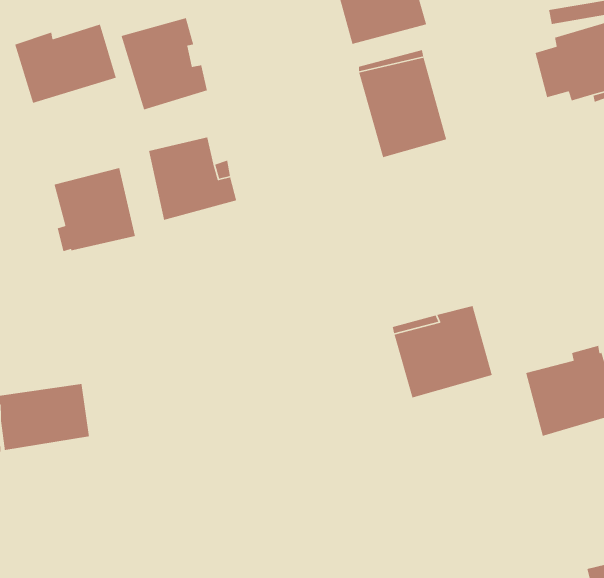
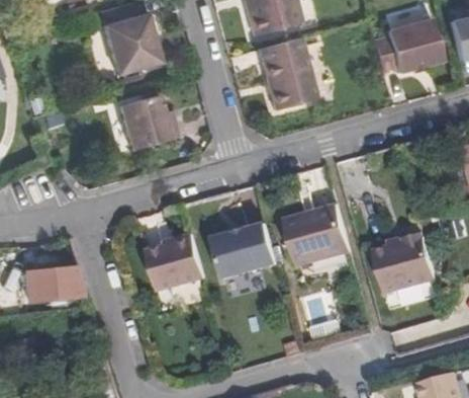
building: [14,23,117,104] -> none
building: [53,167,136,252] -> none
building: none -> [211,226,277,281]
building: none -> [146,235,204,292]

